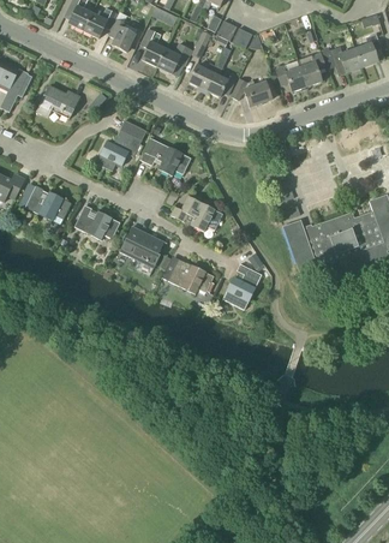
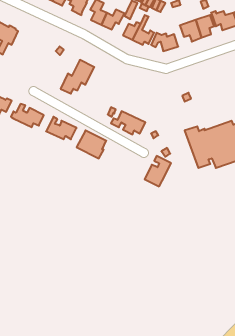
building: [37,85,80,115] -> none
building: [139,137,191,174] -> none
building: [163,258,214,293] -> none

